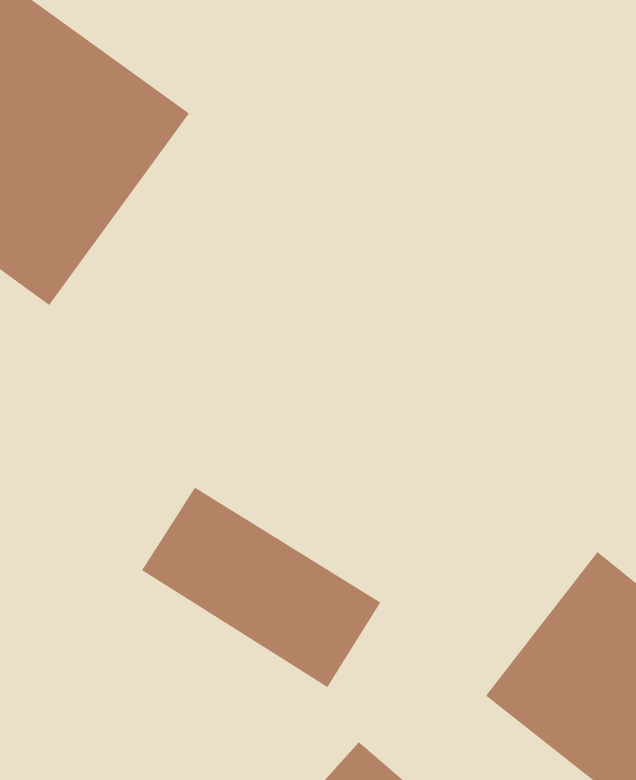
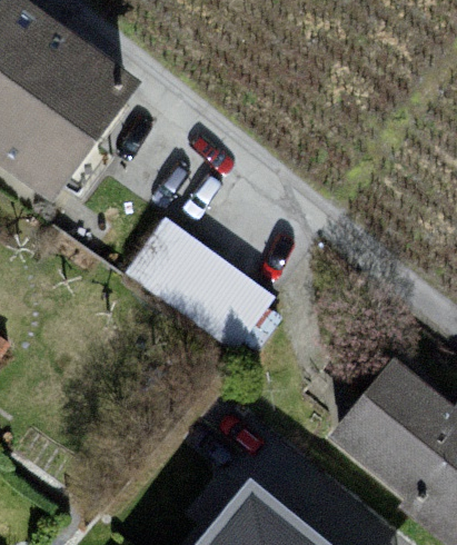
building: [141,487,381,688] -> [122,204,272,329]

